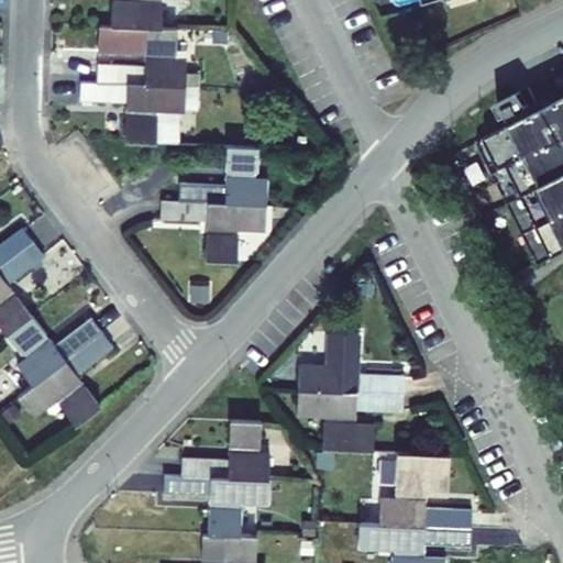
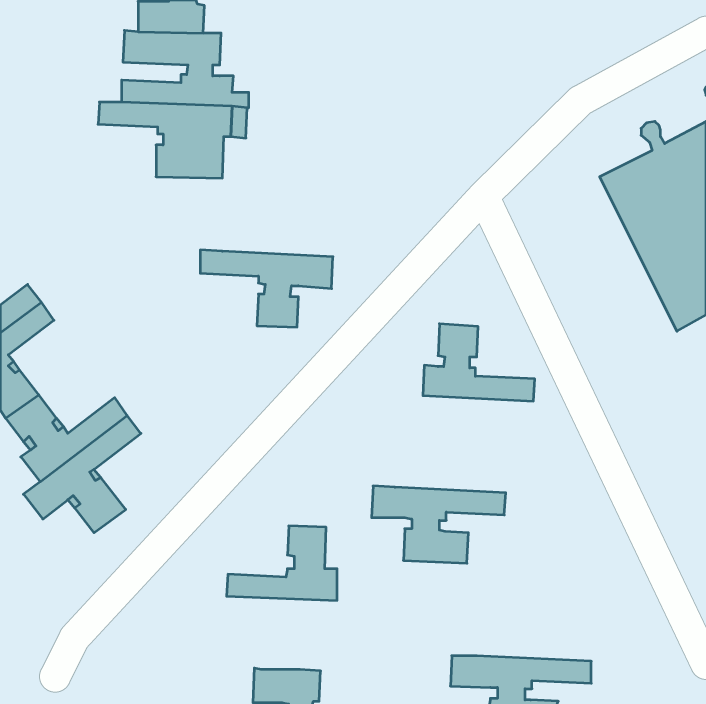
building: [177,145,266,206] -> none
building: [314,332,404,394] -> [423,324,535,401]
building: [379,451,472,528] -> none
building: [163,475,268,534] -> none

